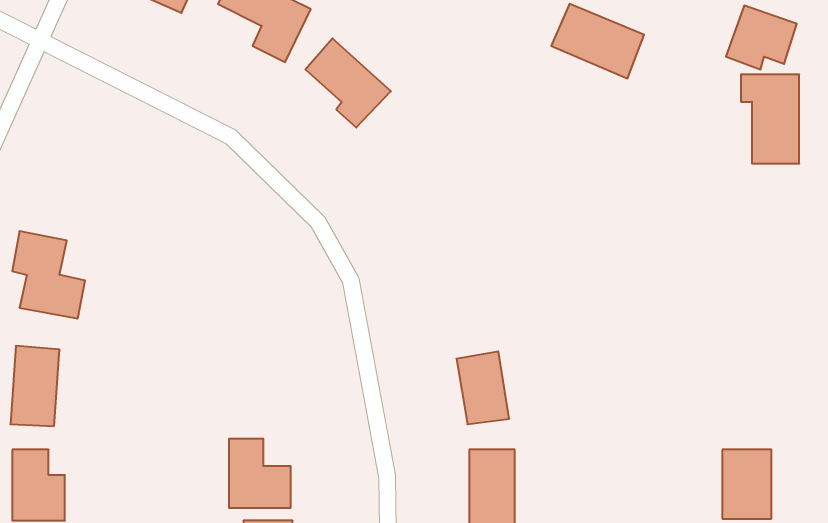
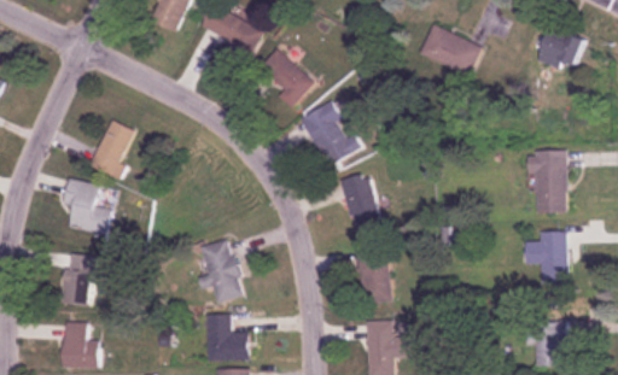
building: [741,74,799,164] -> [527,153,566,212]
building: none -> [301,100,358,165]
building: none -> [89,119,133,177]
building: none -> [339,172,380,232]
building: none -> [525,230,567,265]
building: none -> [198,239,241,301]

